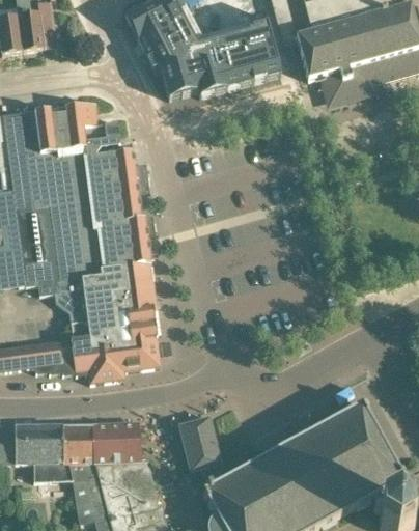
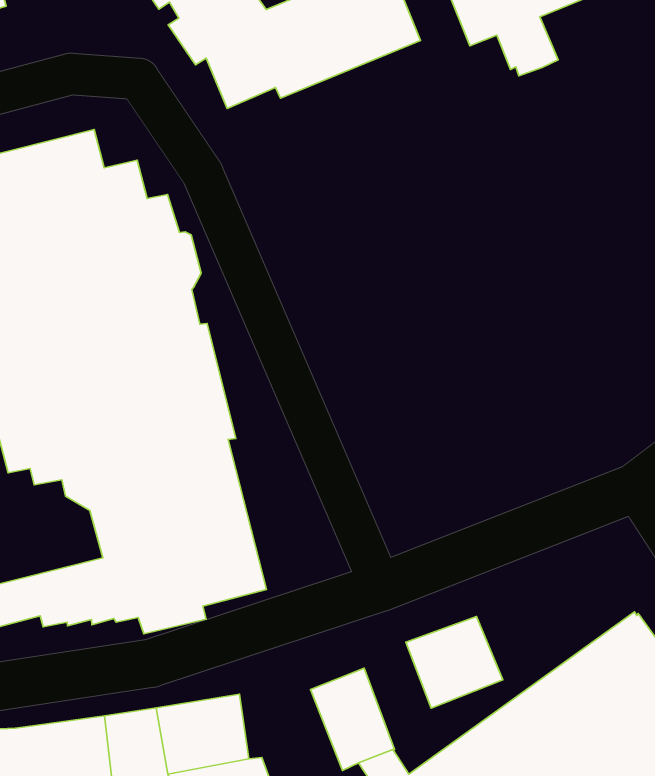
building: none -> [406,616,503,708]

